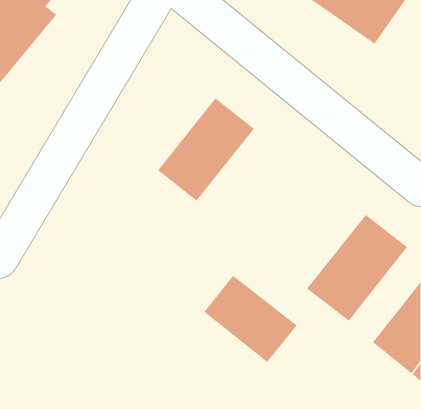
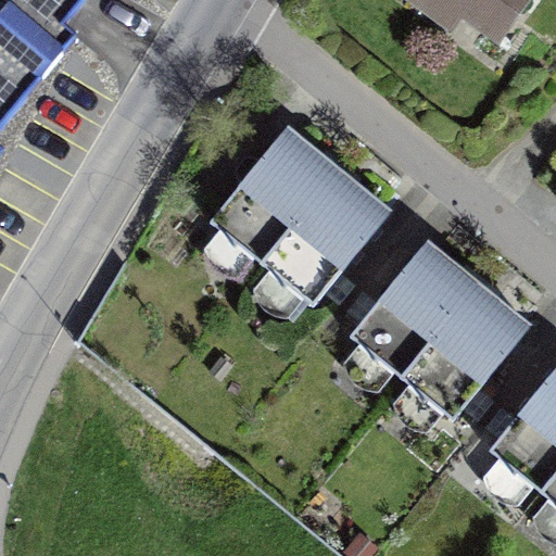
building: none -> [258,169,391,309]
building: none -> [350,240,480,379]
building: [203,275,298,363] -> none

